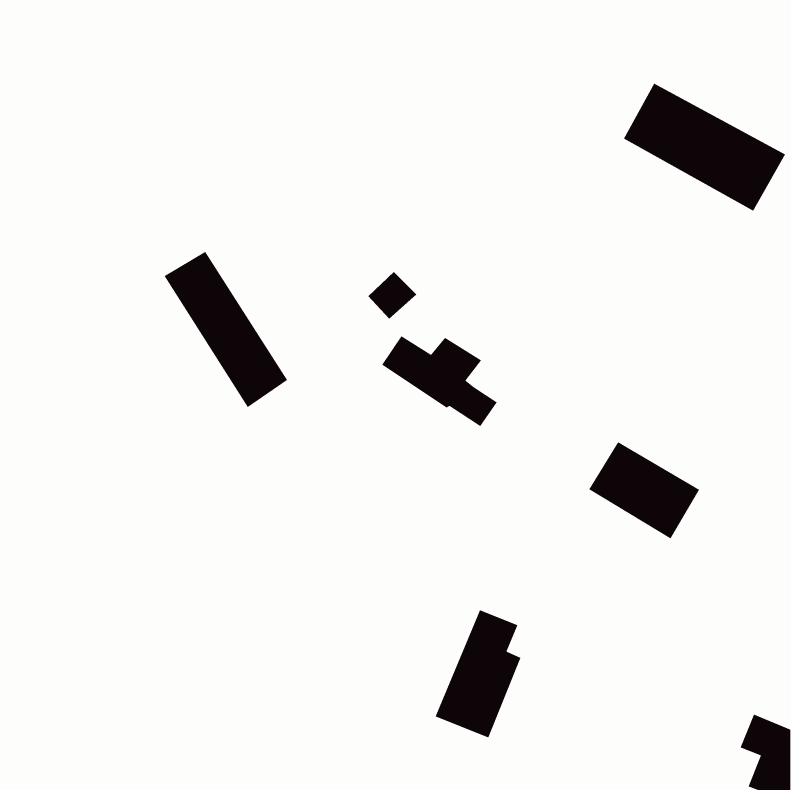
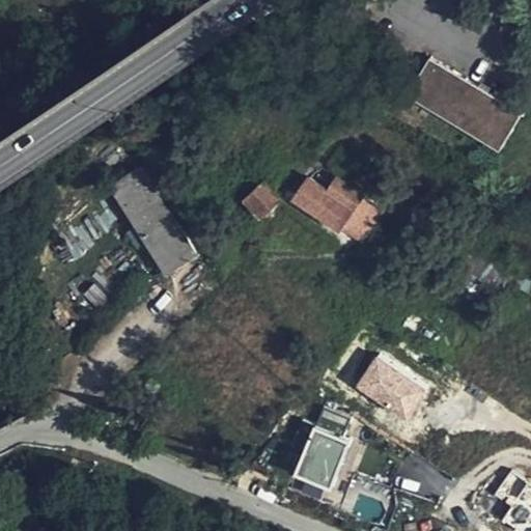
building: [381,335,498,427] -> [294,181,371,243]
building: [588,441,700,539] -> [352,360,426,425]

